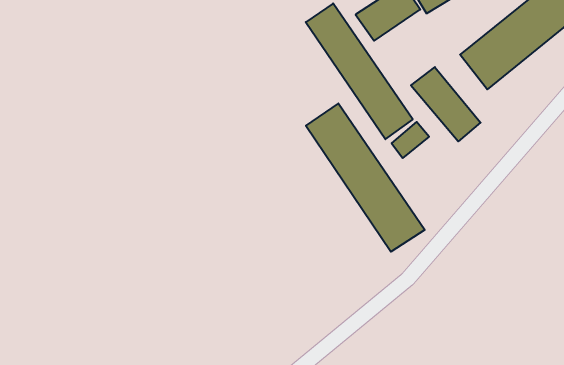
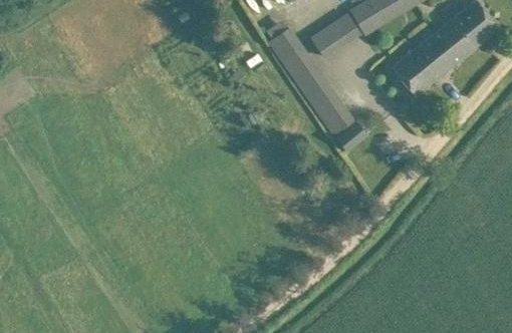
building: [411,67,481,141] -> none
building: [306,103,425,252] -> none

